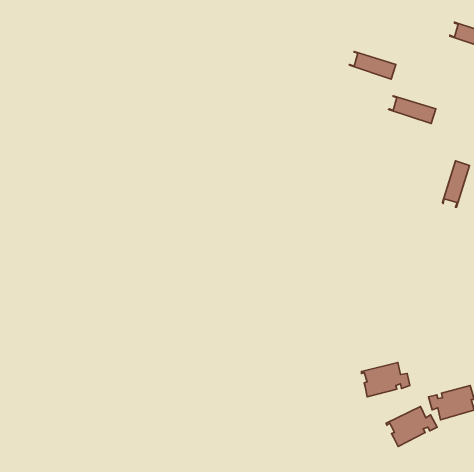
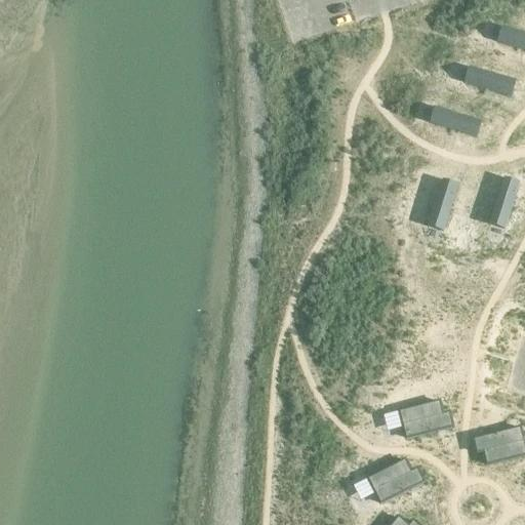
building: [349,51,396,79] -> [465,65,516,95]
building: none -> [428,177,458,230]
building: [386,407,437,447] -> [368,458,425,502]

